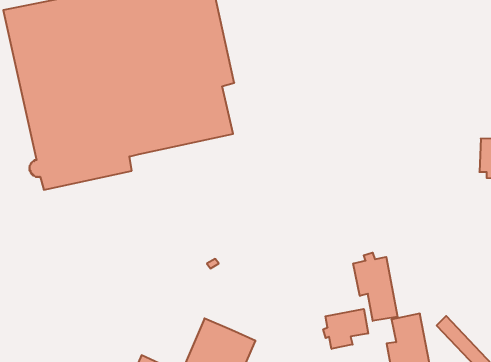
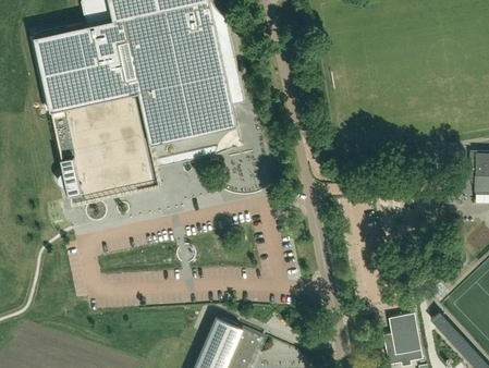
building: [353,253,398,321] -> none
building: [323,309,368,349] -> none

